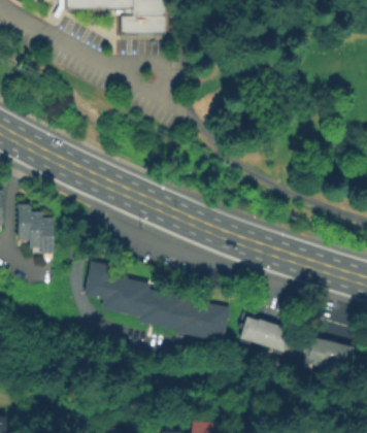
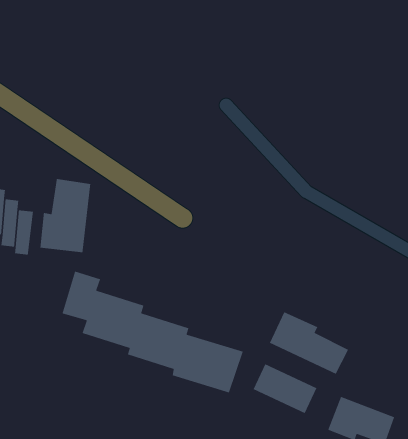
building: none -> [39,178,91,253]
building: none -> [269,311,349,375]

